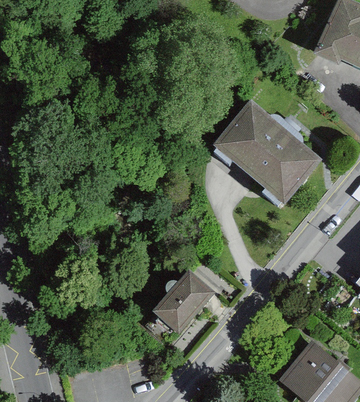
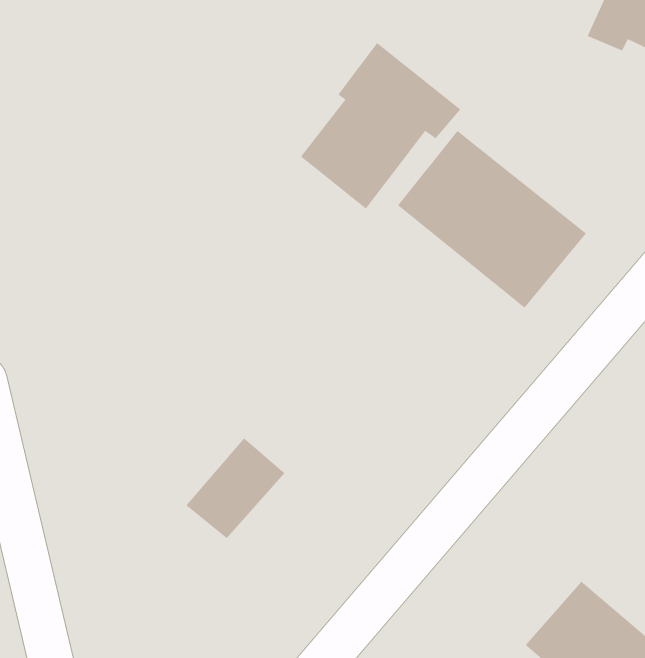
building: none -> [300,42,461,209]
building: [158,276,211,330] -> [186,438,285,539]

